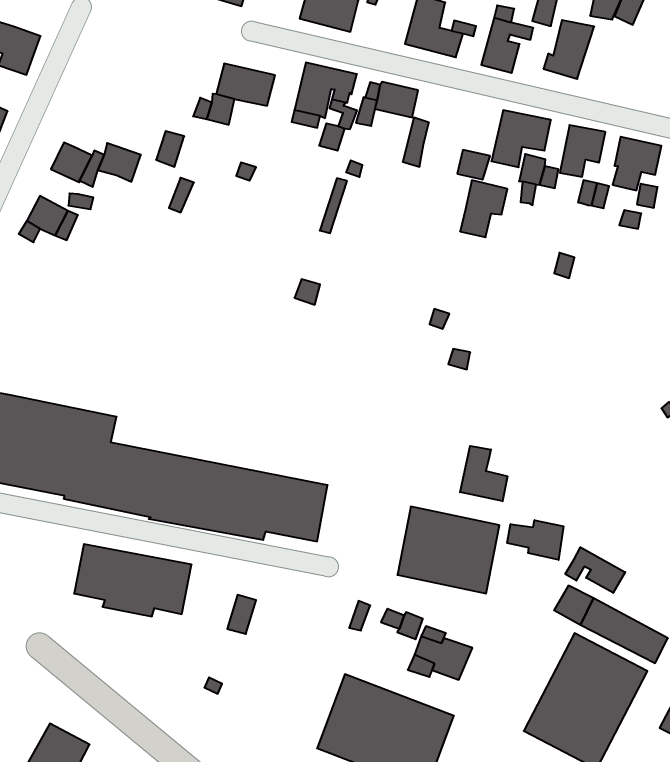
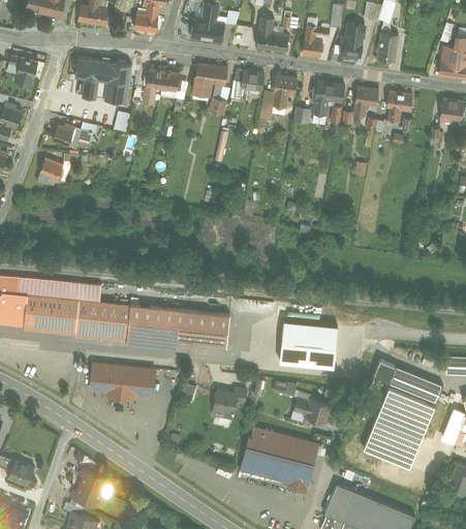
building: none -> [74,56,131,102]
building: none -> [376,33,398,62]
building: [460,180,507,237] -> [271,74,297,107]
building: [460,446,507,501] -> none
building: [507,520,563,560] -> none
building: [565,547,625,593] -> none
building: none -> [213,387,248,415]

